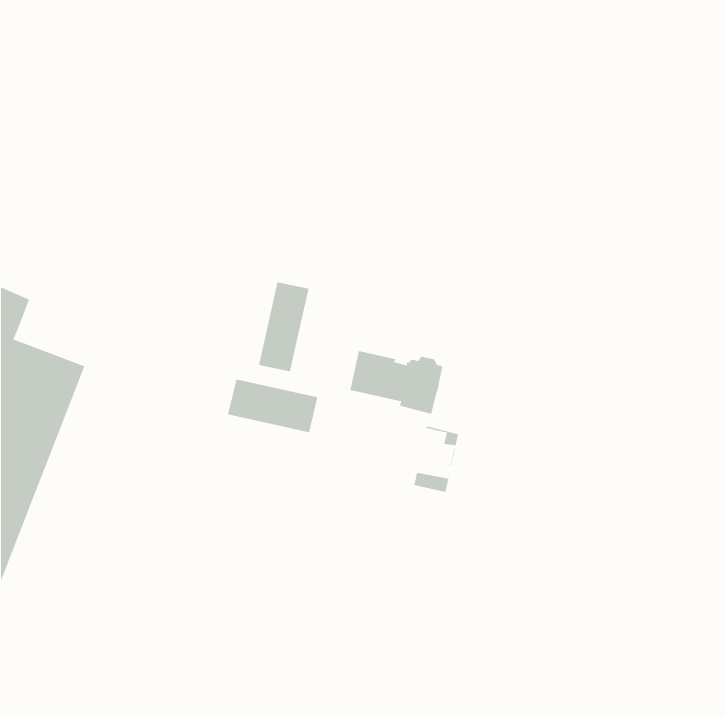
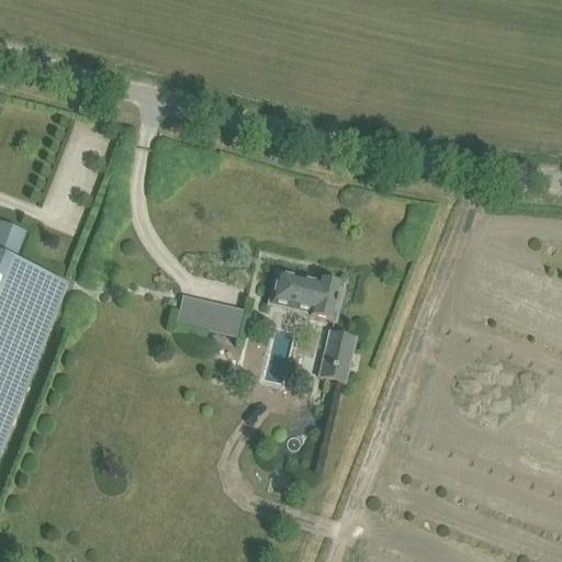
building: [258,282,309,372] -> none
building: none -> [323,331,351,370]

